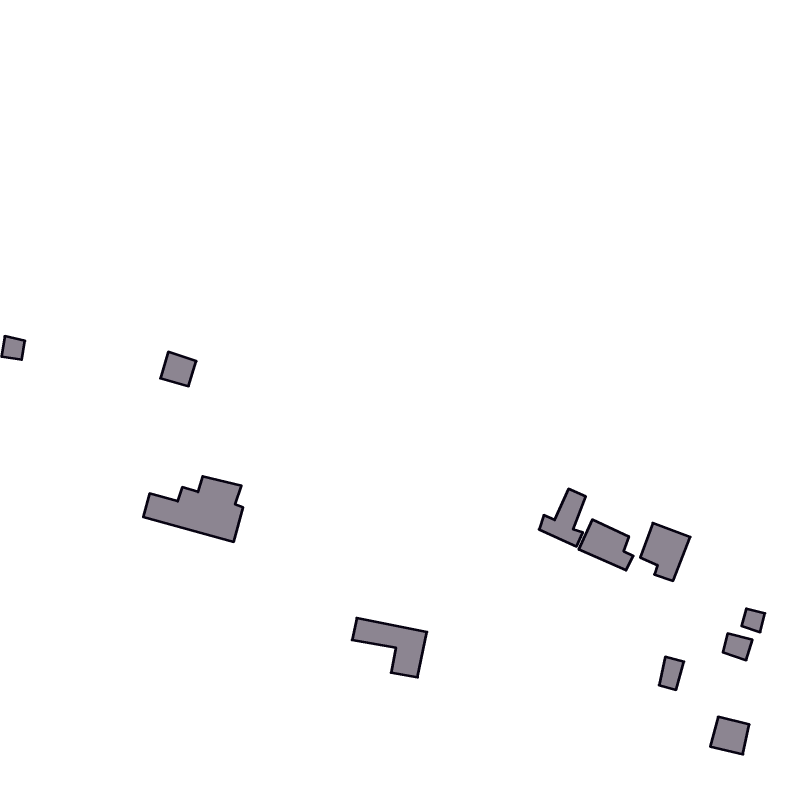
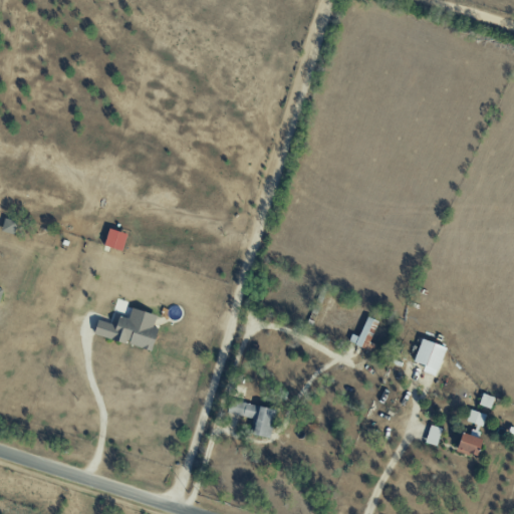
building: [579,520,633,570] -> none
building: [710,717,749,754] -> [457,432,482,456]

